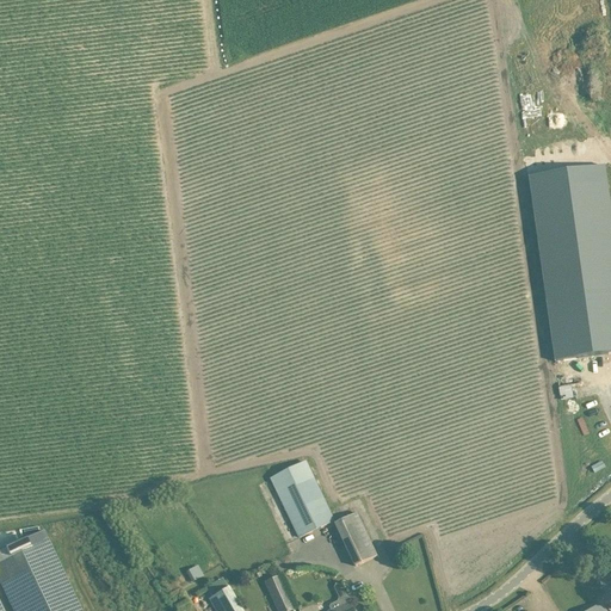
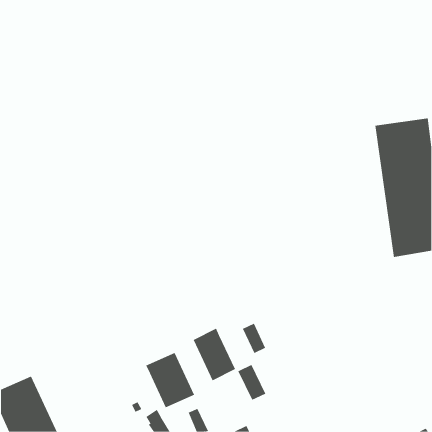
building: none -> [242,323,266,354]
building: none -> [145,352,195,408]

